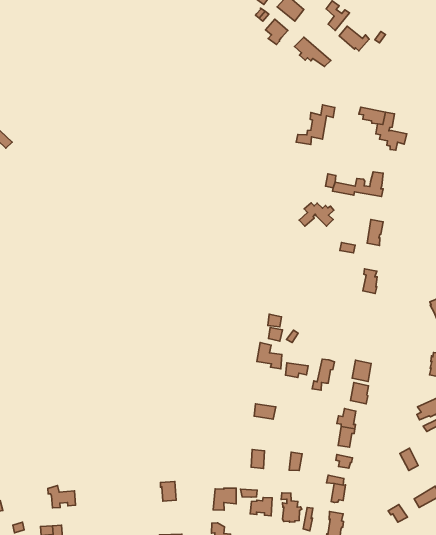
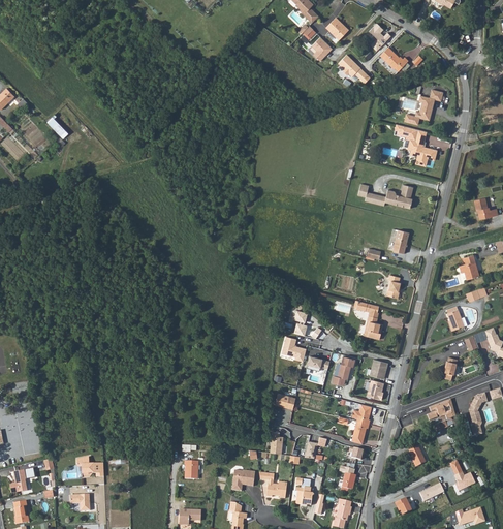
building: [296,105,335,145] -> [404,89,442,125]
building: [299,203,334,226] -> none
building: none -> [355,301,382,340]

